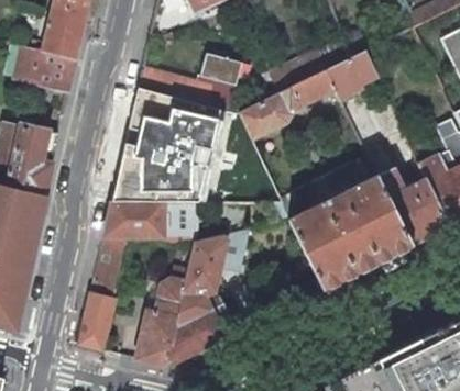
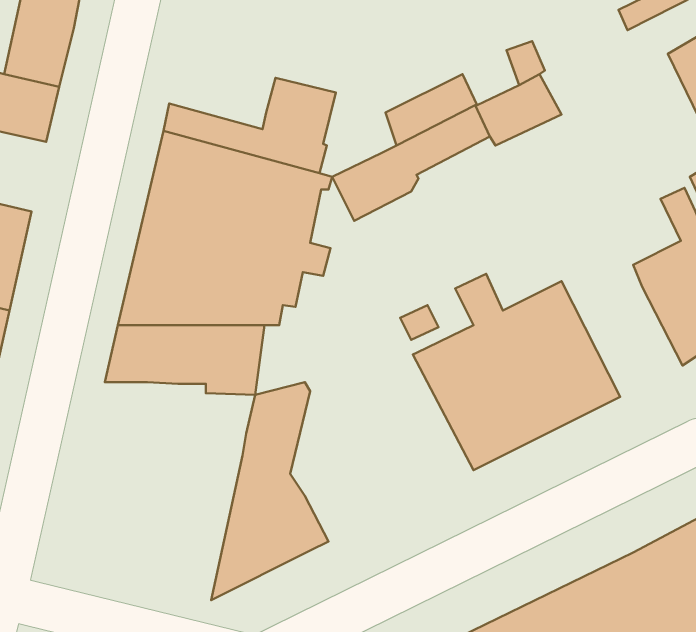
building: [377,168,450,245] -> none
building: [79,236,129,350] -> none
building: [135,278,186,367] -> none

